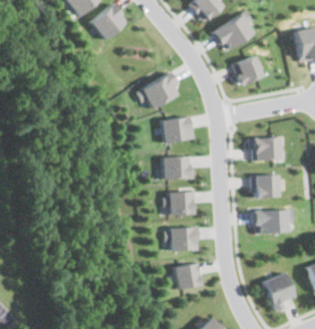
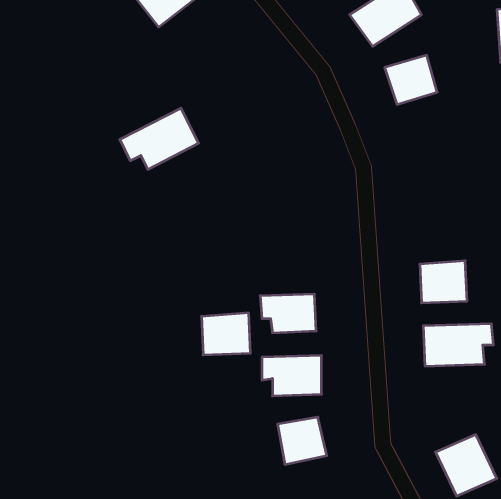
building: [133,73,179,108] -> [120,108,199,169]
building: [160,116,192,143] -> none
building: [250,136,282,160] -> none
building: [162,155,190,180] -> [201,313,250,355]

